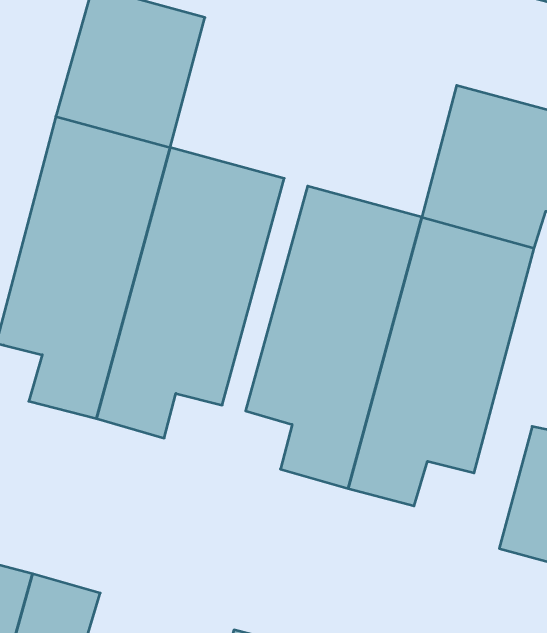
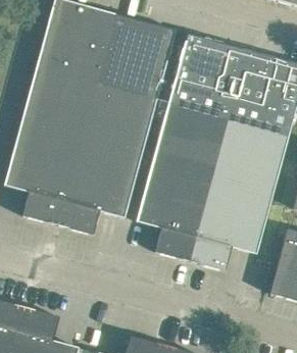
building: none -> [96,13,175,98]
building: none -> [168,33,247,118]

